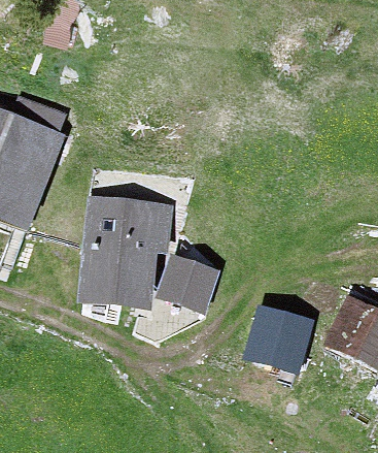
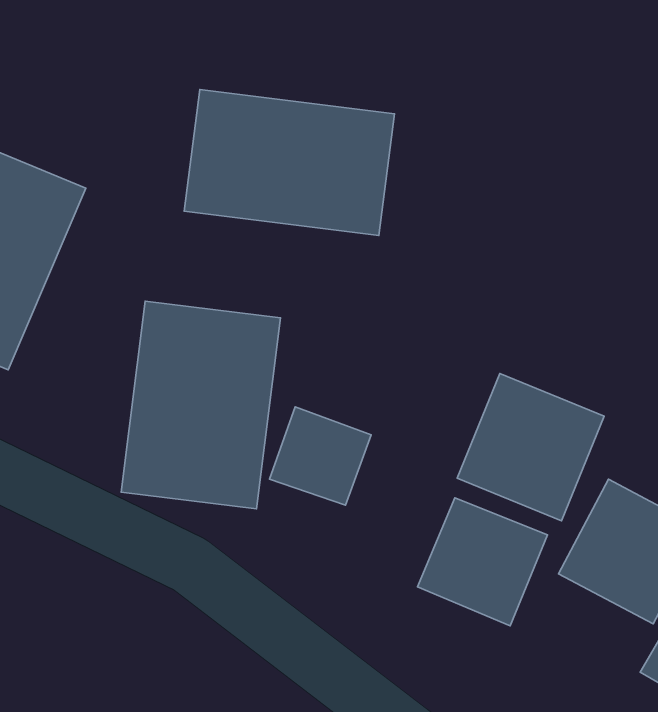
building: none -> [184,89,395,236]
building: none -> [457,374,604,521]

